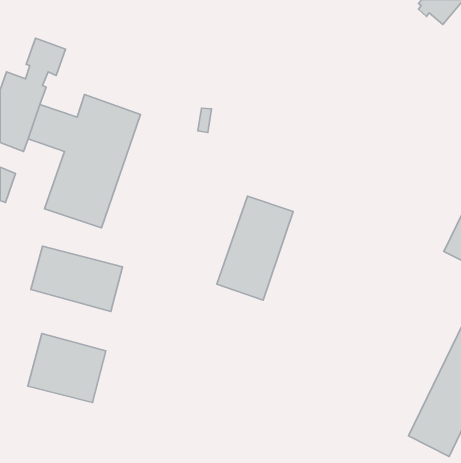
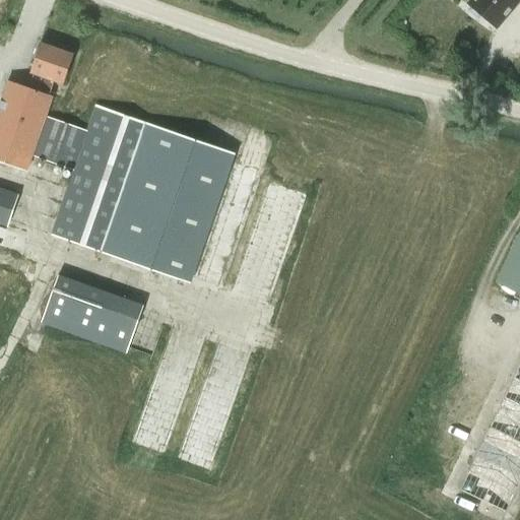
building: none -> [117,128,234,280]
building: [217,196,293,300] -> none
building: [28,333,106,403] -> none

